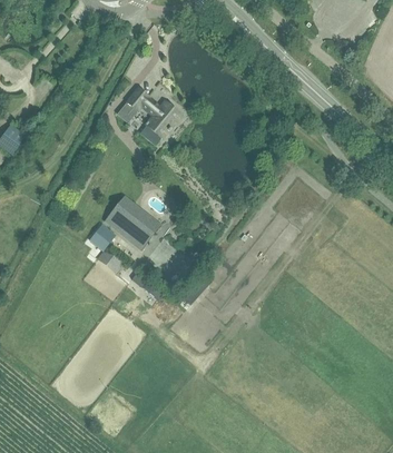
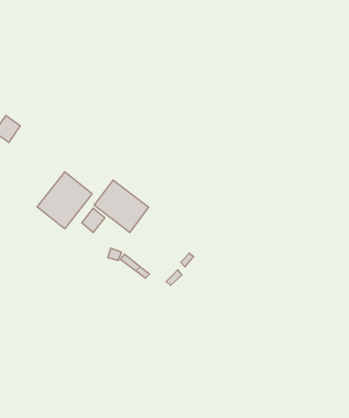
building: [118,87,179,136] -> none
building: none -> [37,172,92,229]

